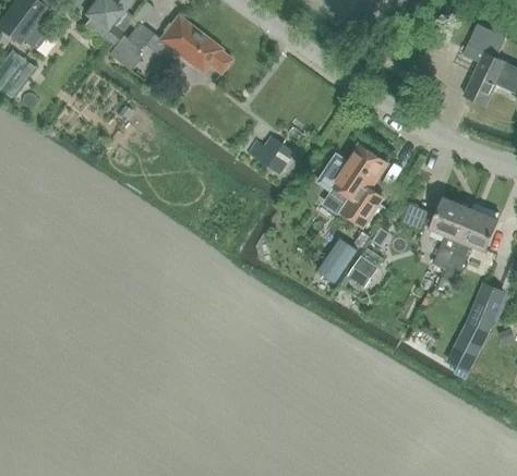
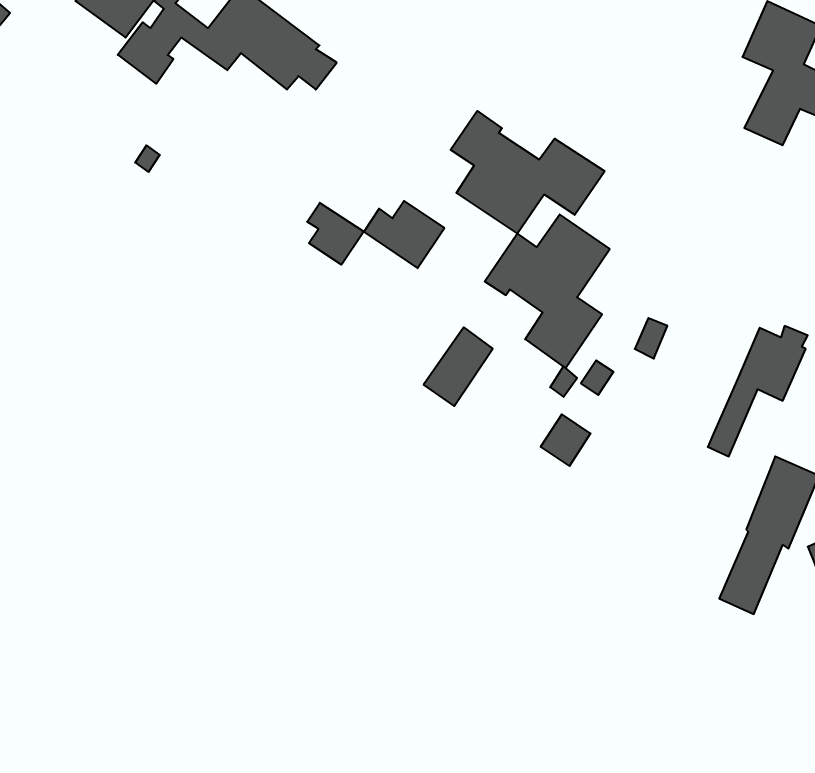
building: none -> [451,111,605,234]
building: none -> [307,203,364,265]
building: [433,197,472,268] -> none
building: [317,237,357,282] -> [424,327,493,406]

